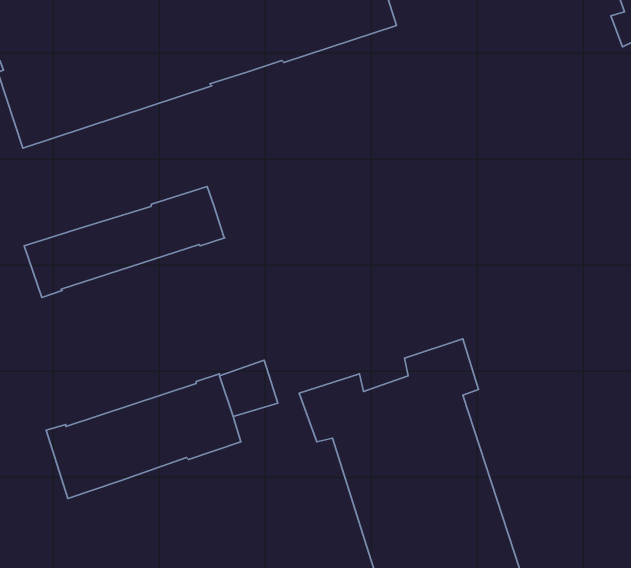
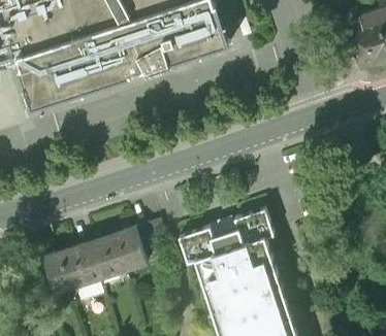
building: [24,186,225,297] -> none

